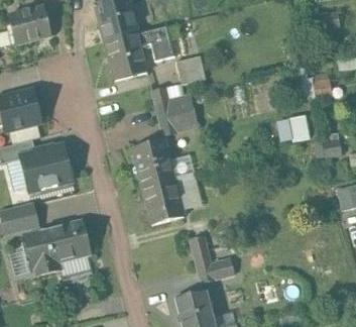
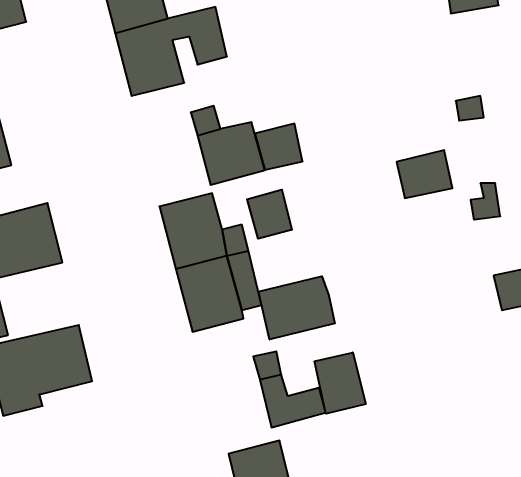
building: [175,56,205,84] -> [255,124,303,170]
building: none -> [247,190,292,239]
building: none -> [258,276,335,340]
building: none -> [315,352,366,414]

